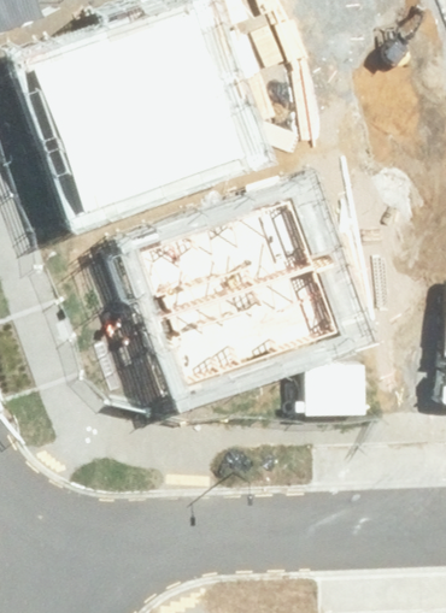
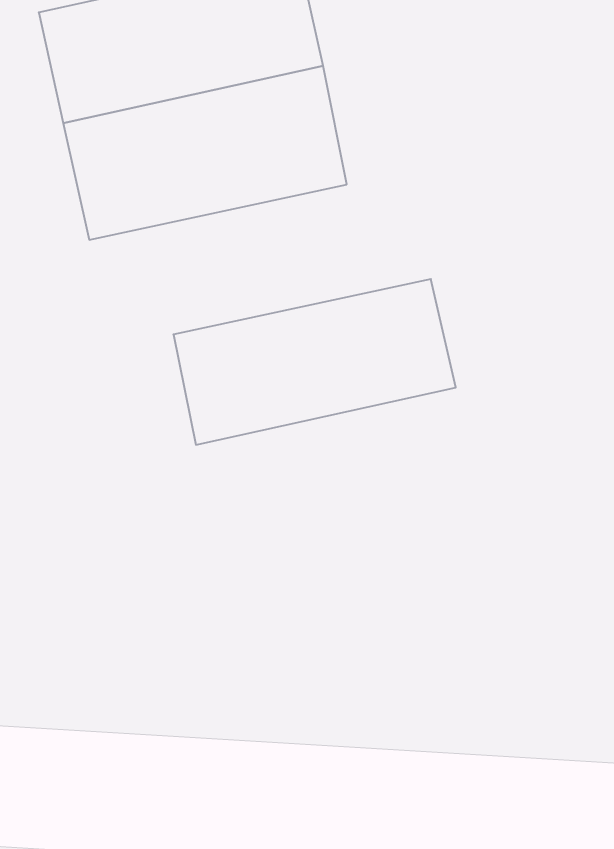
building: [164,270,340,389] -> none

